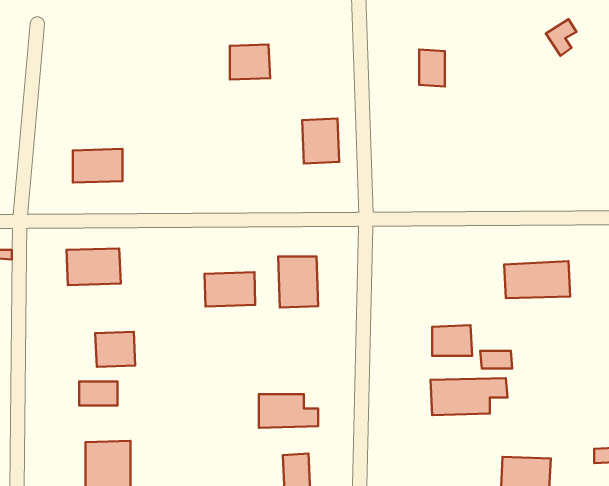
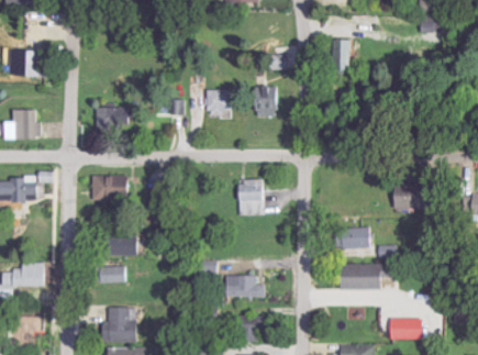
building: [230,44,270,80] -> [204,89,232,113]
building: [205,272,255,307] -> none

